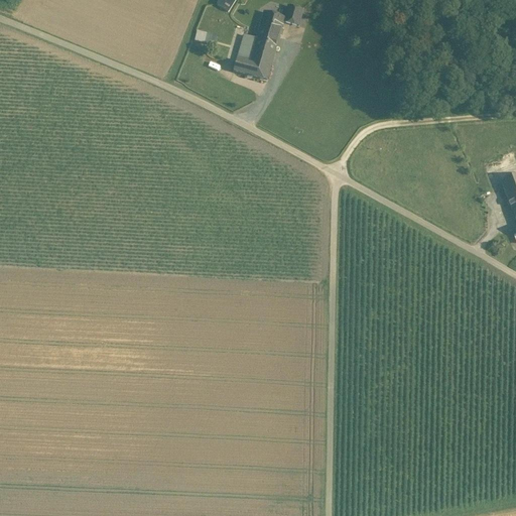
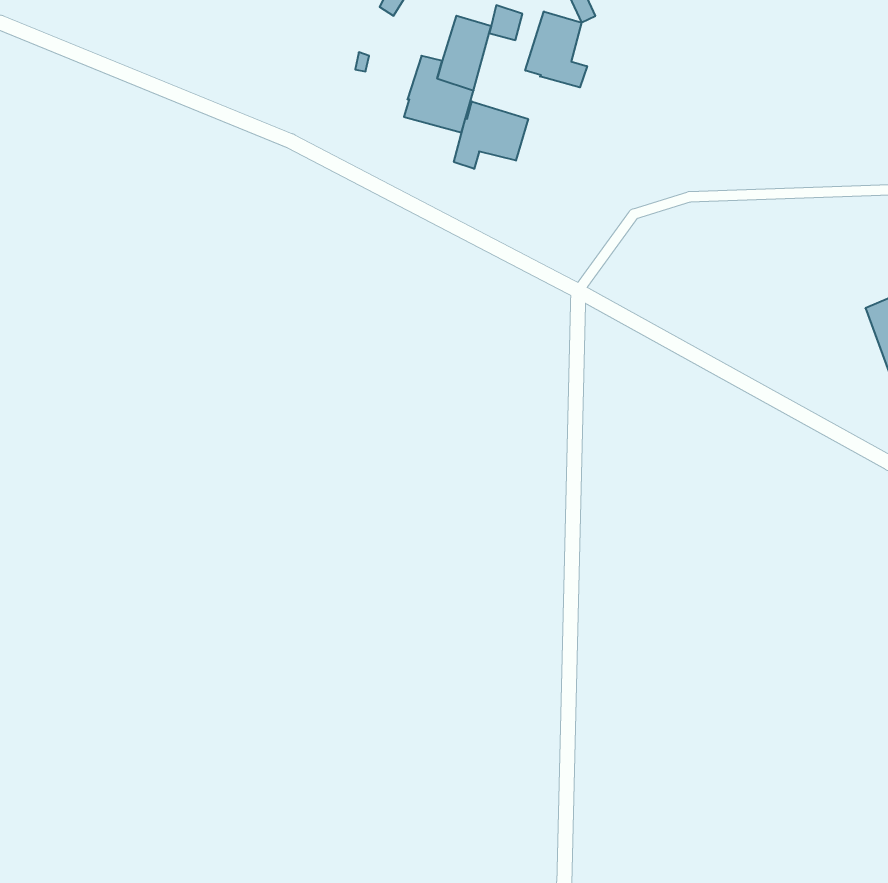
building: none -> [525,11,587,87]
building: none -> [454,101,528,169]

